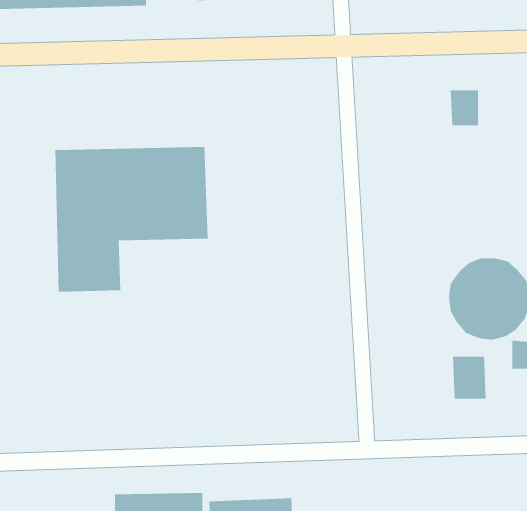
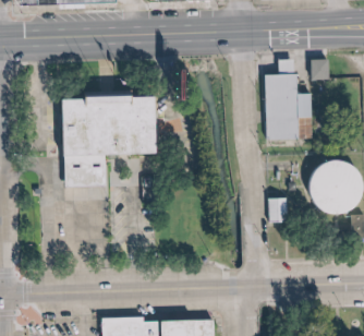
building: none -> [267,58,315,144]
building: [452,356,486,399] -> [270,196,292,224]

